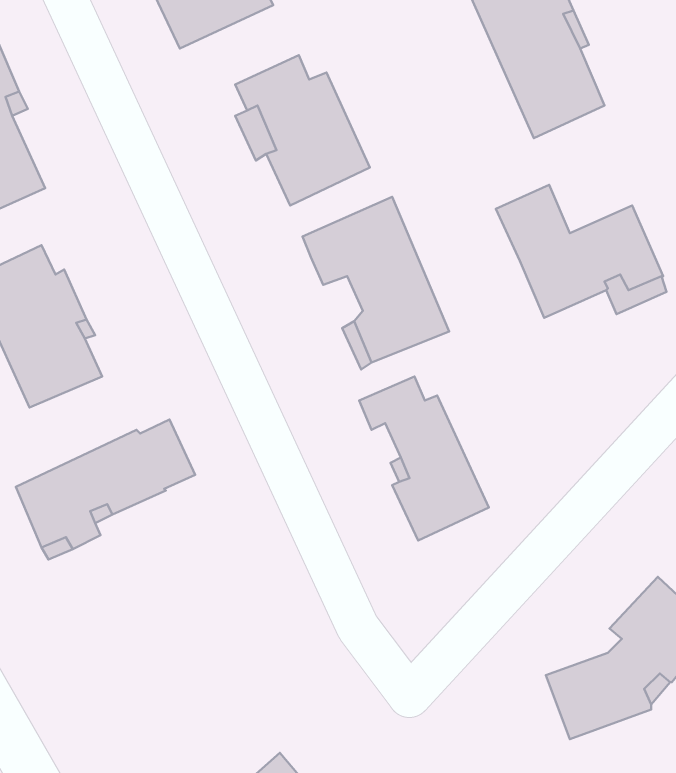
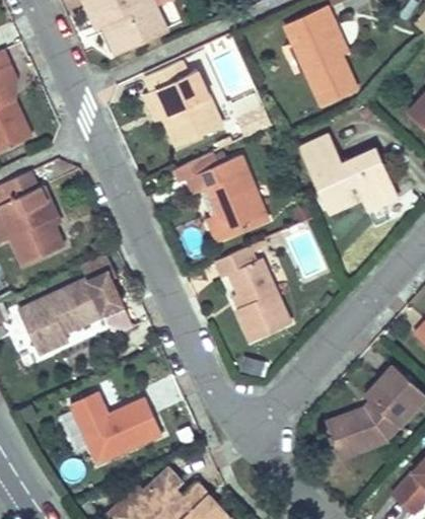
building: none -> [69,390,163,464]

